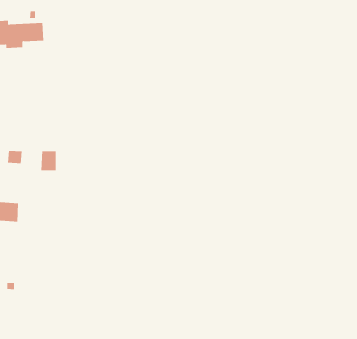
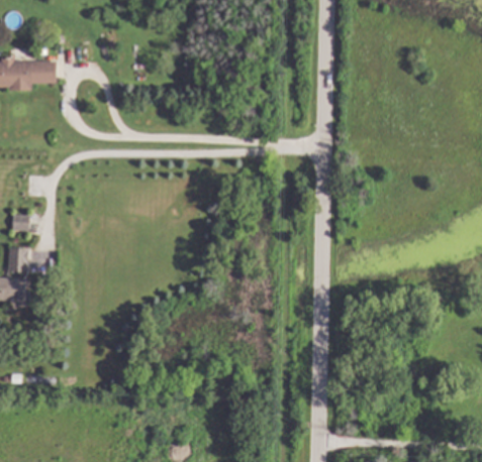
building: [41,151,56,171] -> [8,247,27,271]

